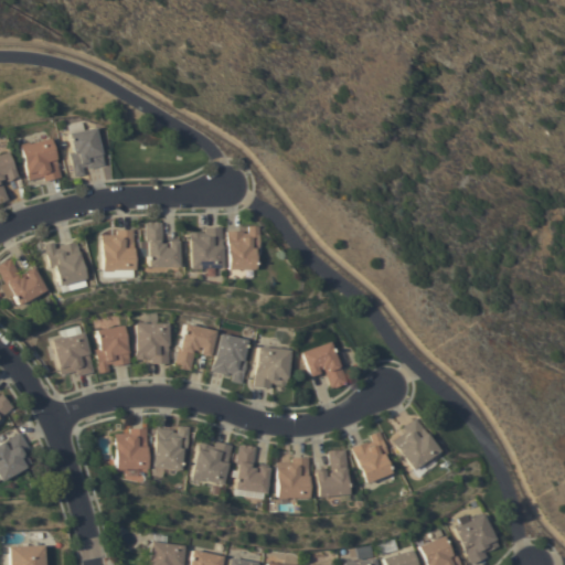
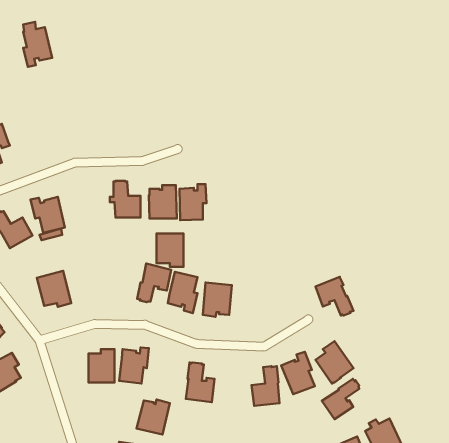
building: [71,121,106,177] -> [23,22,52,67]
building: [21,138,63,182] -> none
building: [103,230,136,277] -> none
building: [137,323,170,364] -> [156,233,183,267]
building: [97,326,131,373] -> none
building: [302,341,349,388] -> [315,277,353,315]
building: [192,441,233,484] -> [137,400,170,435]
building: [276,458,310,499] -> none
building: none -> [322,379,359,419]

